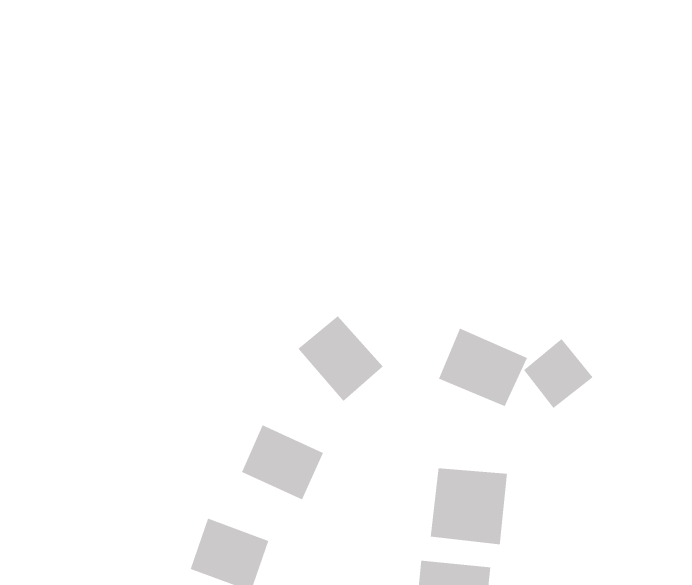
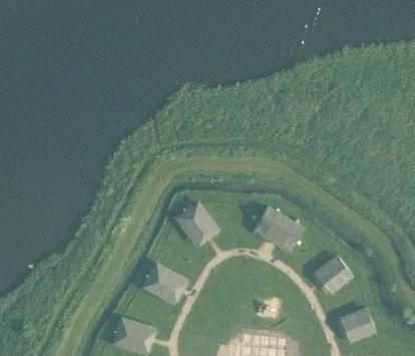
building: [523,338,594,409] -> [313,253,353,293]
building: [430,468,507,545] -> none
building: none -> [338,306,375,342]

